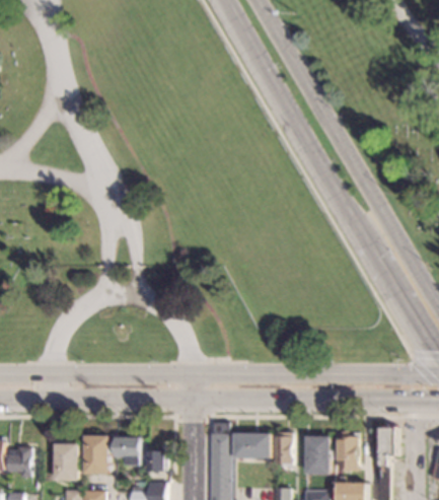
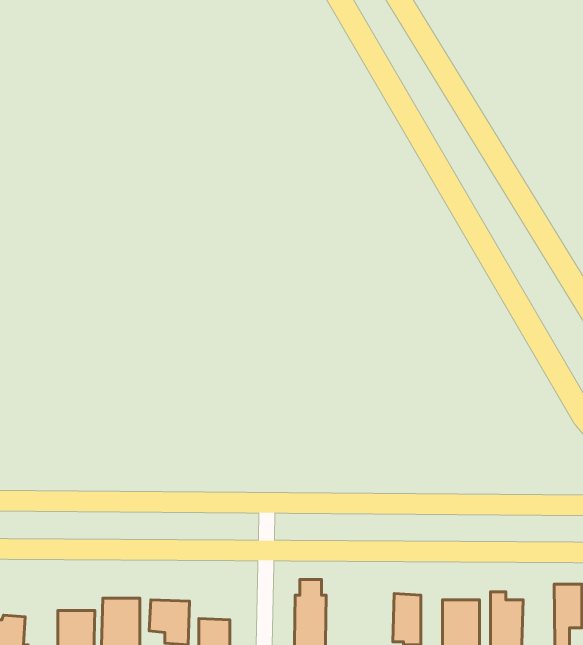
building: [233,433,270,458] -> none

